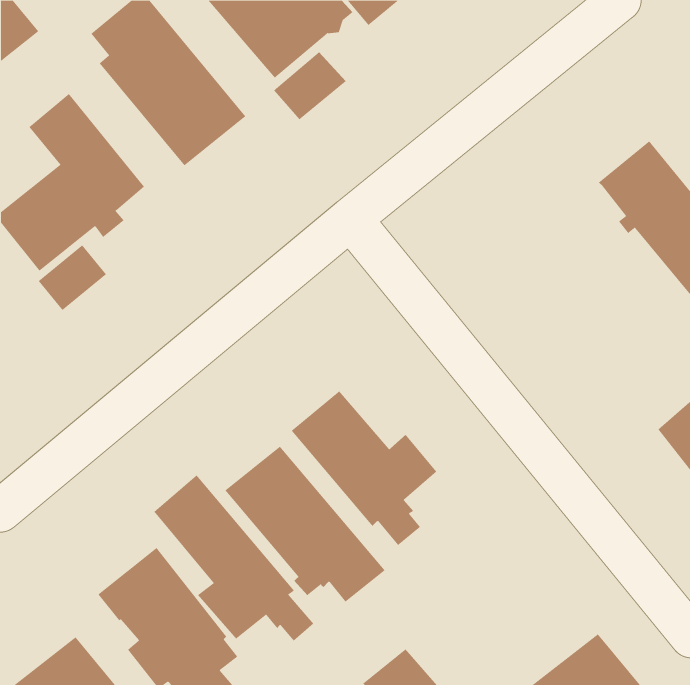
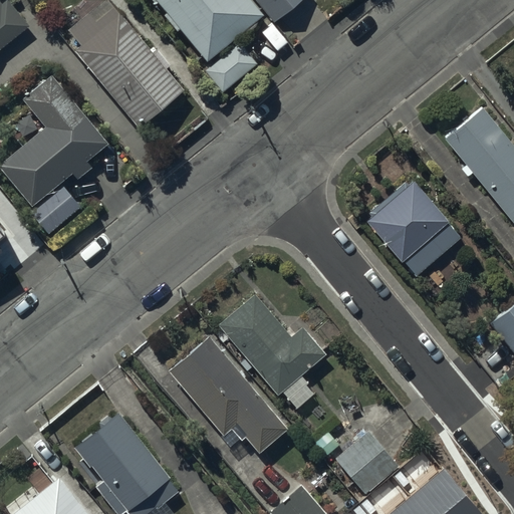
building: none -> [365,181,460,275]
building: [153,475,314,641] -> none
building: none -> [334,430,399,494]

